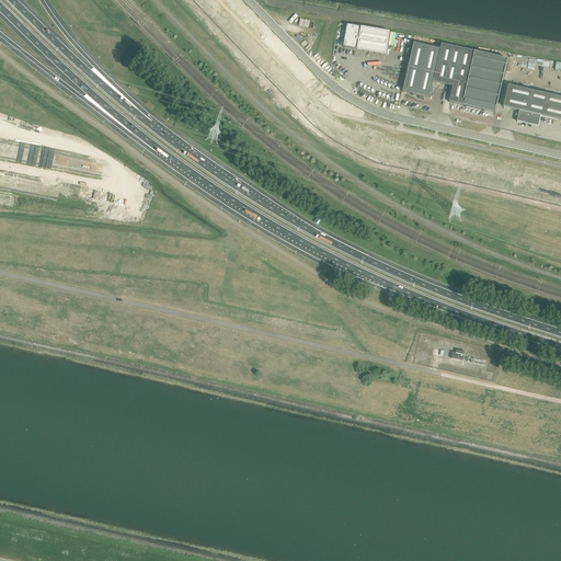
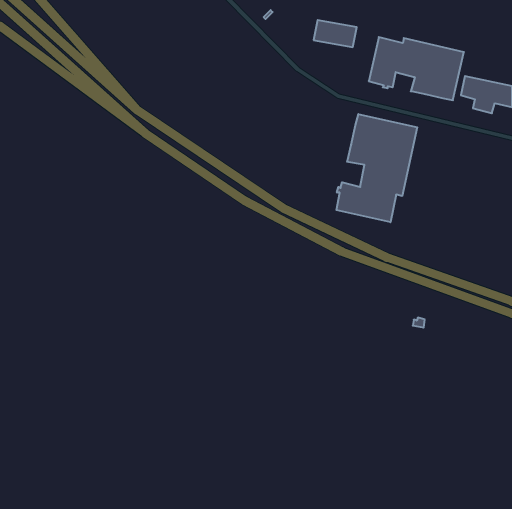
building: none -> [336,114,417,222]

